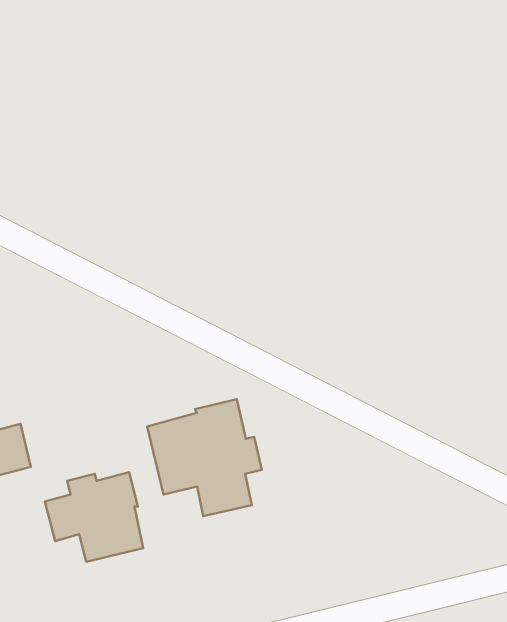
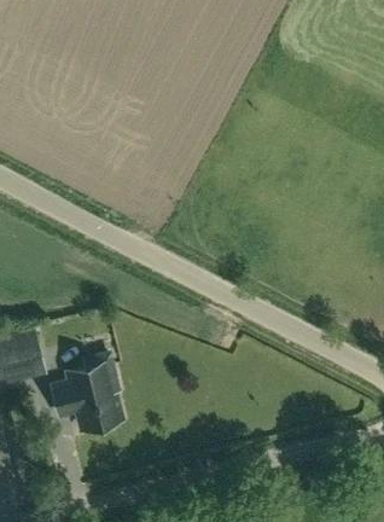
building: [147,399,262,516] -> none

